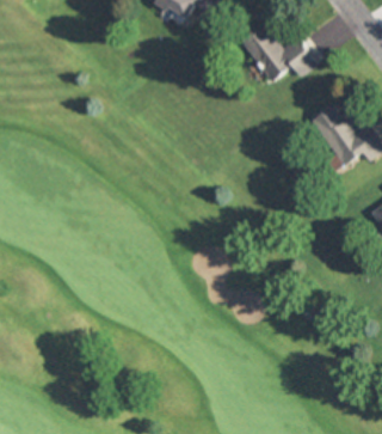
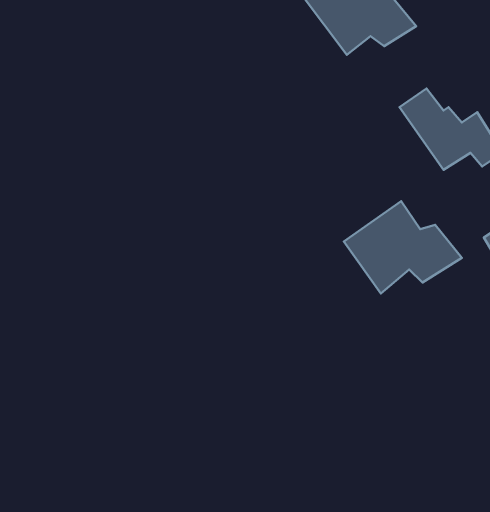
building: none -> [344,201,462,293]

